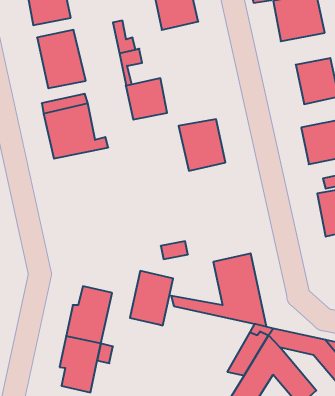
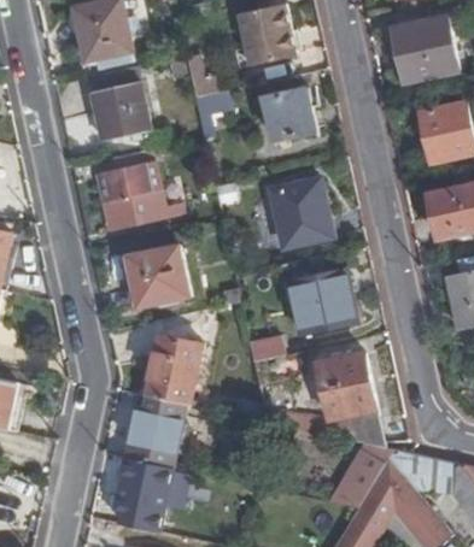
building: [126,78,167,120] -> [263,88,316,141]
building: none -> [127,245,192,307]
building: none -> [291,269,356,333]
building: [130,271,173,325] -> [147,335,203,405]

